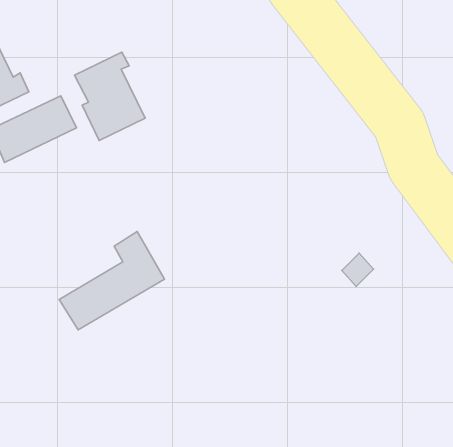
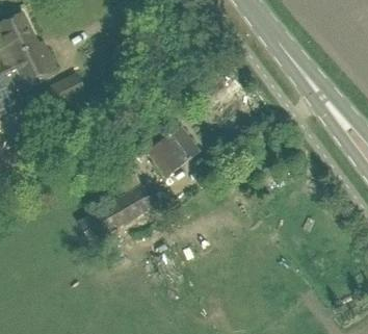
building: [75,52,145,140] -> none
building: none -> [152,124,201,173]

